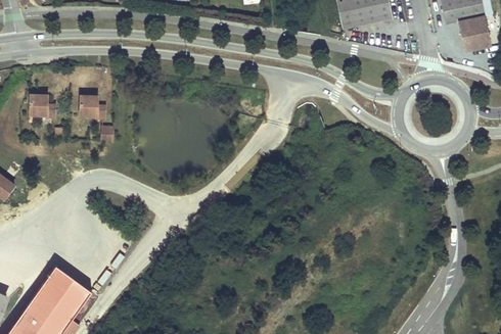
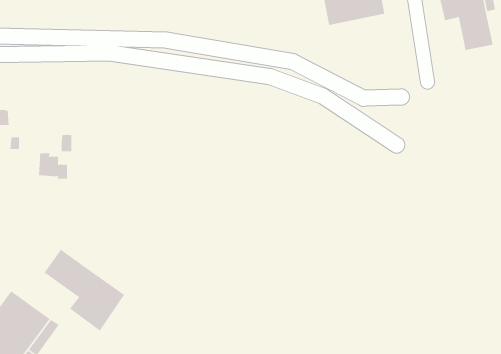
building: [79,95,105,118] -> [38,153,68,179]
building: none -> [44,249,125,332]

